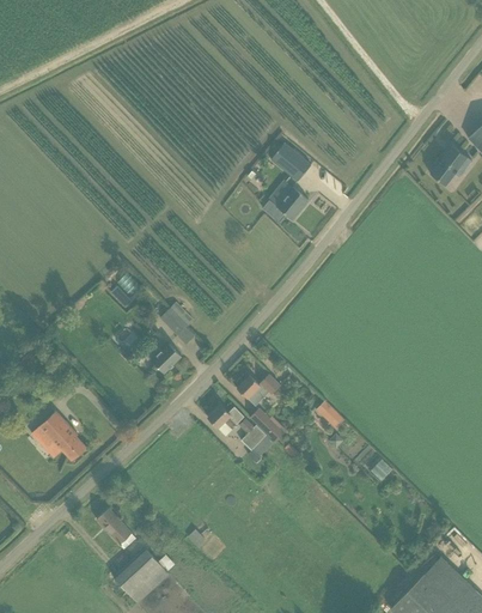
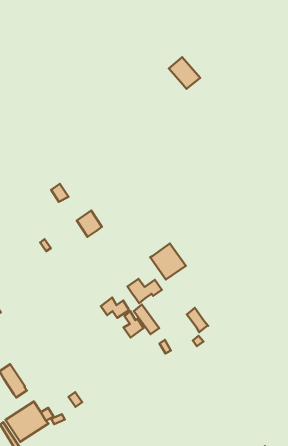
building: [270,142,311,181] -> [169,57,200,89]
building: [276,187,309,219] -> none
building: none -> [150,243,186,279]
building: [145,344,181,374] -> none

